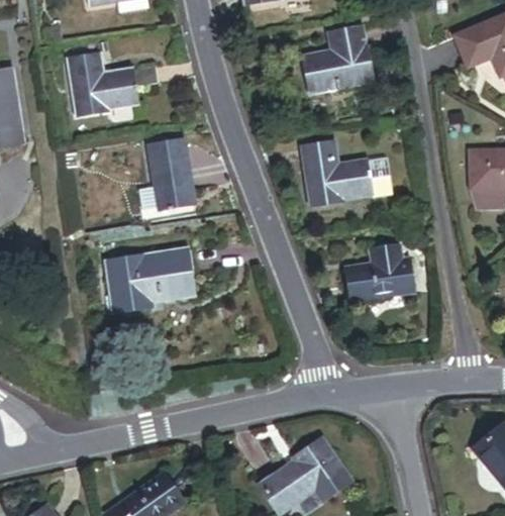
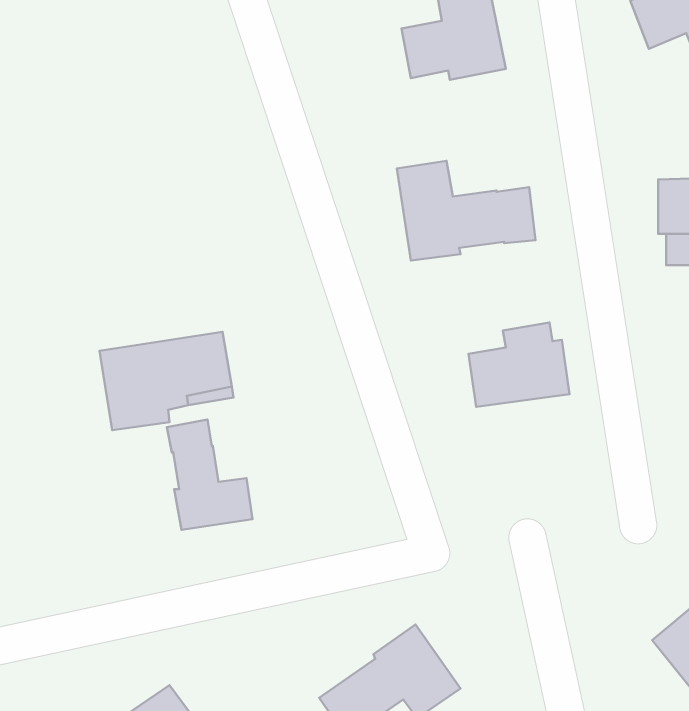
building: [72,51,159,113] -> none
building: [149,137,195,206] -> none
building: none -> [167,420,253,530]

